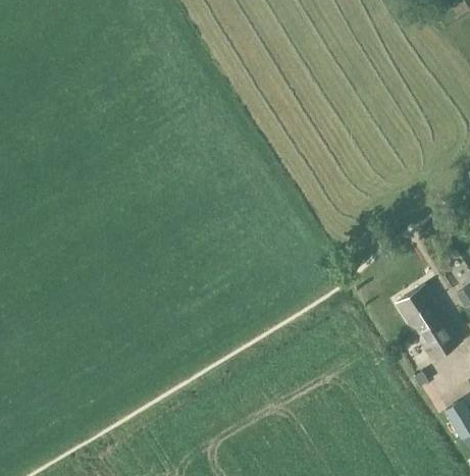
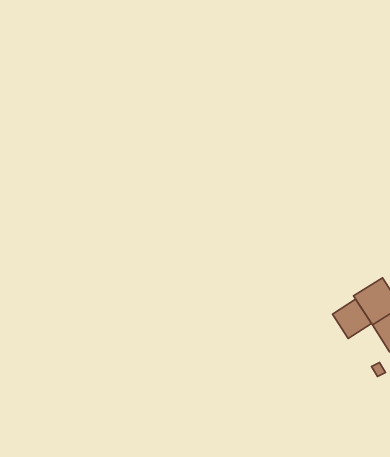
building: none -> [332,299,371,339]

